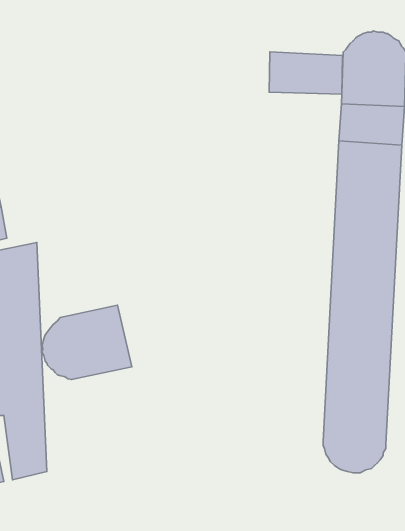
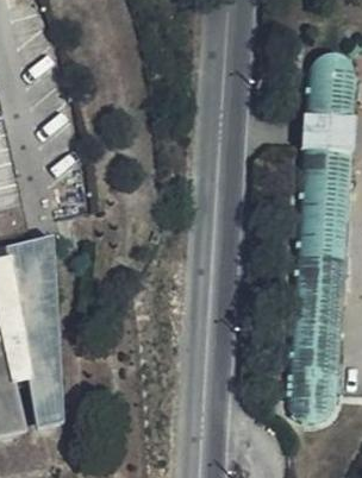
building: [269,52,343,94] -> none
building: [42,305,132,380] -> none

